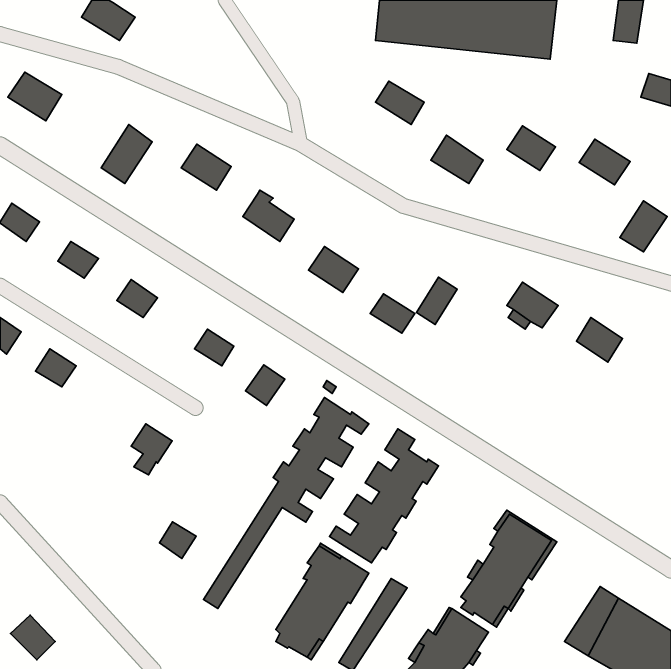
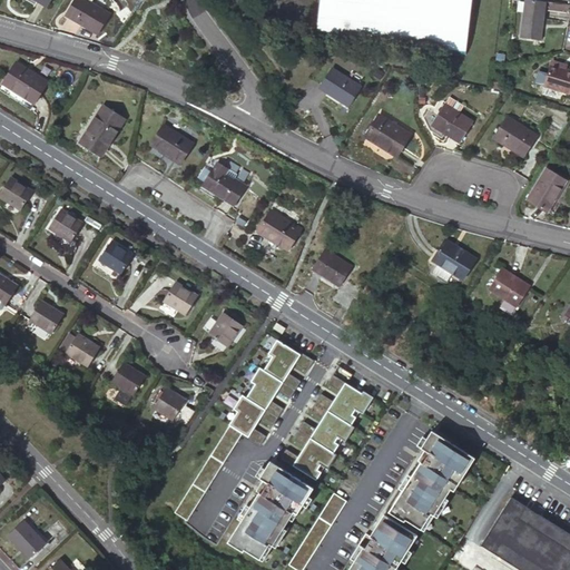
building: [417,277,457,324] -> none
building: none -> [67,332,100,364]
building: [159,522,196,559] -> [154,386,185,417]

